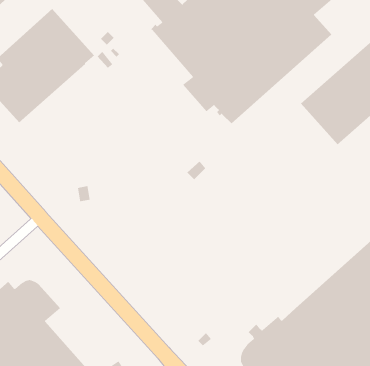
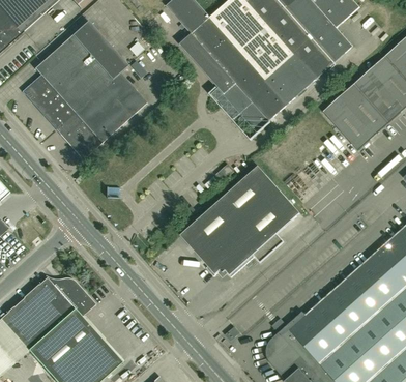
building: none -> [56,72,146,158]
building: none -> [180,165,300,275]

